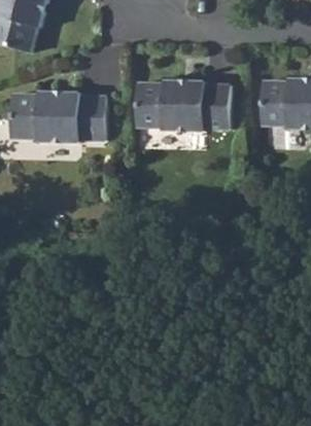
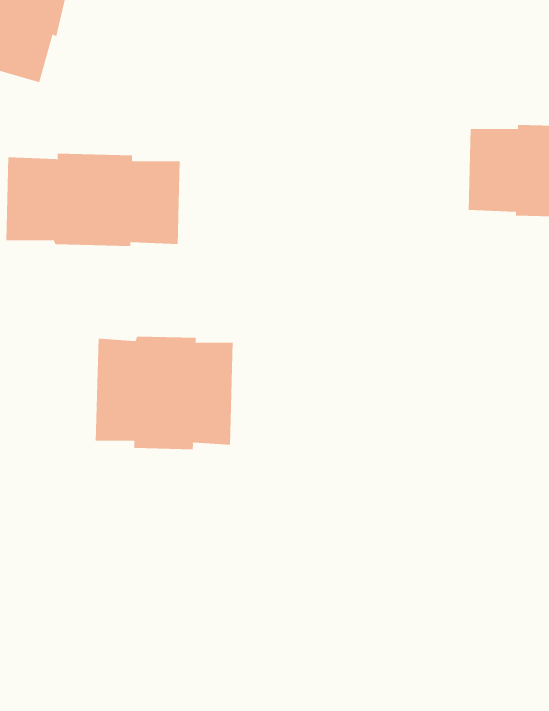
building: [136,83,231,134] -> none
building: none -> [95,336,233,450]

